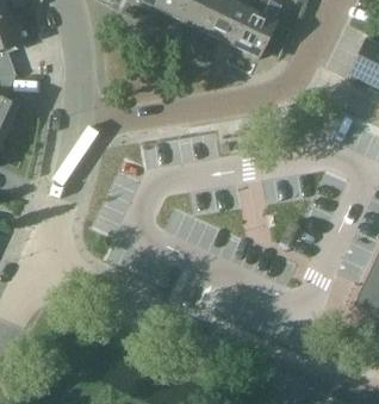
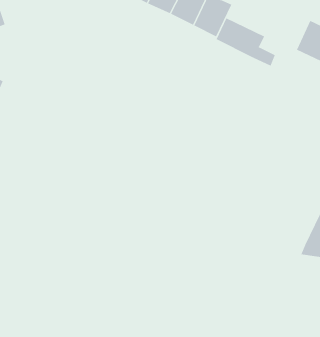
building: none -> [216,17,276,67]

